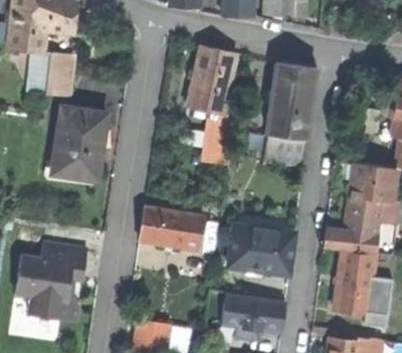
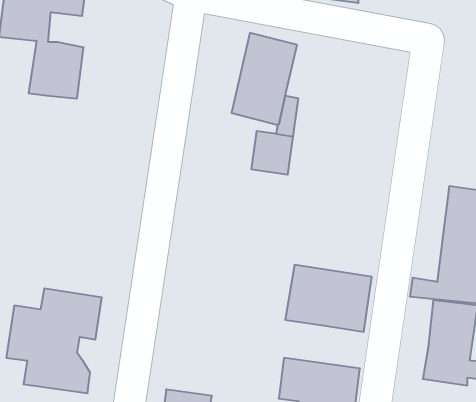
building: [261,63,316,168] -> none
building: [51,107,105,180] -> none
building: [139,206,204,250] -> none

